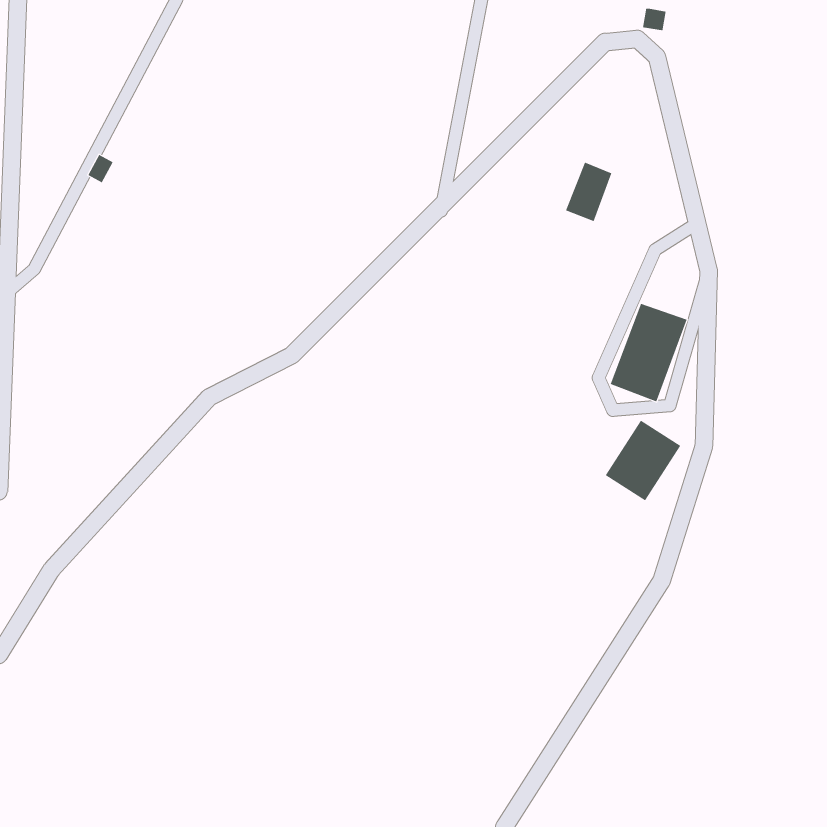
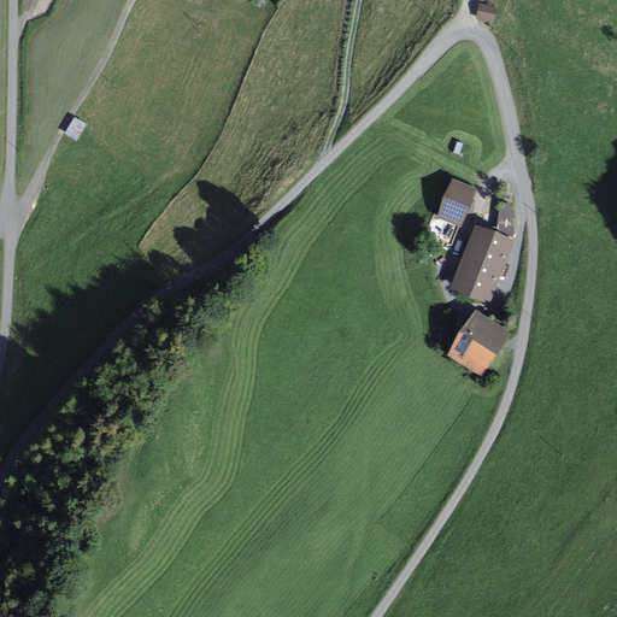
building: [565,162,612,222] -> [437,178,472,223]

